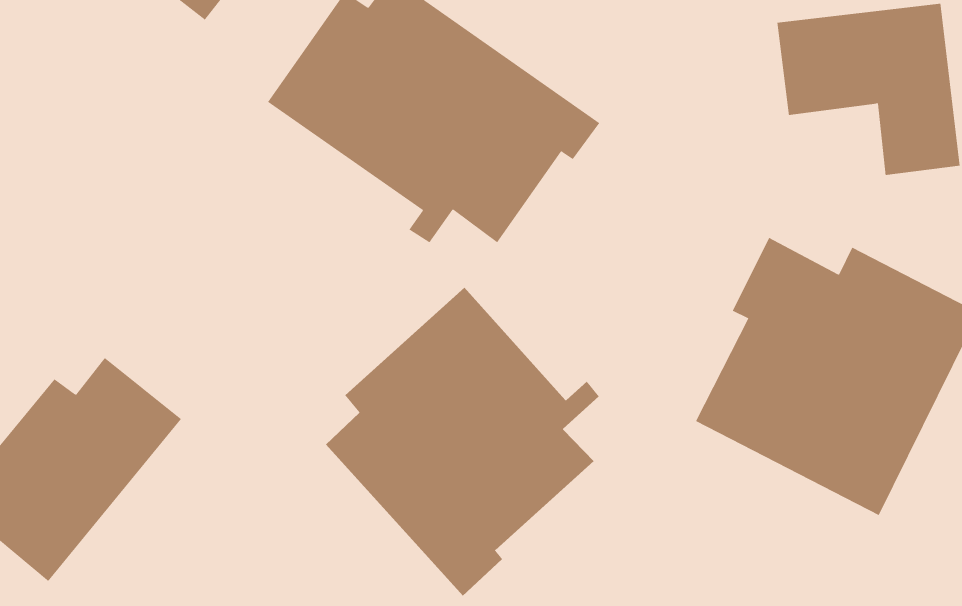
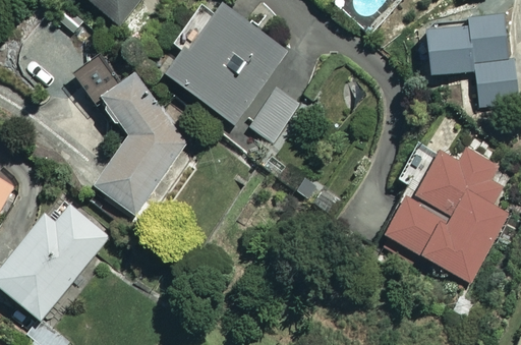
building: none -> [69,46,199,216]
building: [325,287,599,596] -> none

